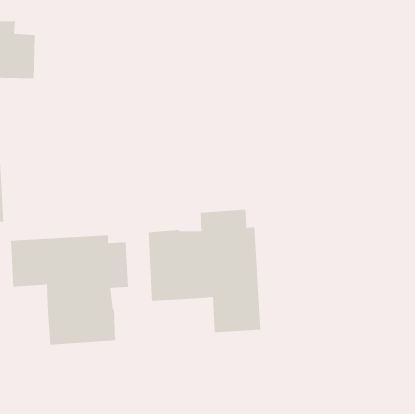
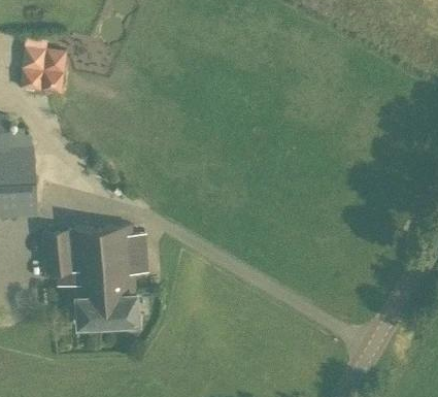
building: [148,209,261,333] -> none

